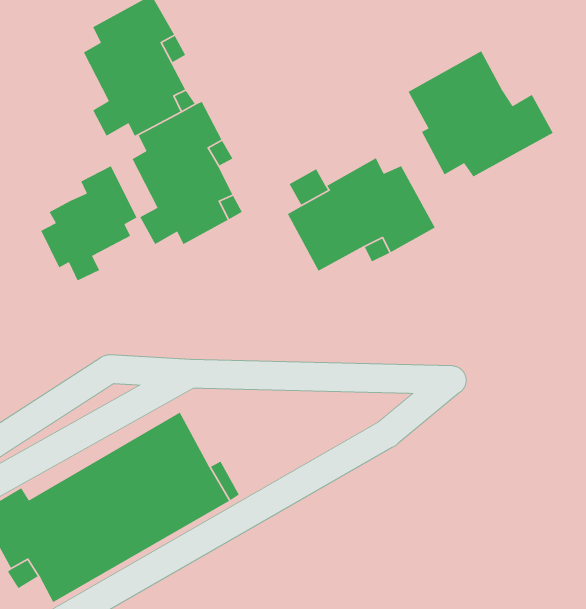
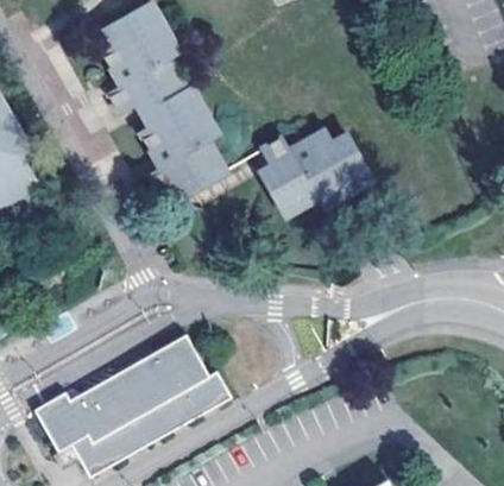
building: [407,50,554,178] -> none
building: [40,165,138,282] -> none

